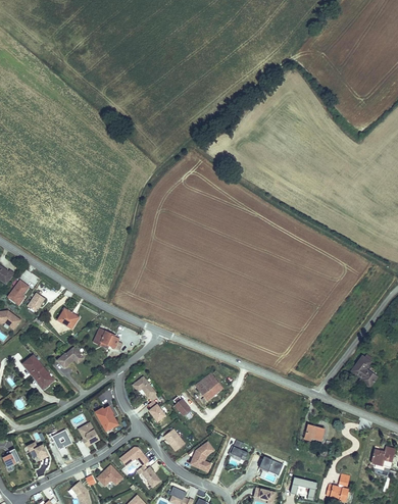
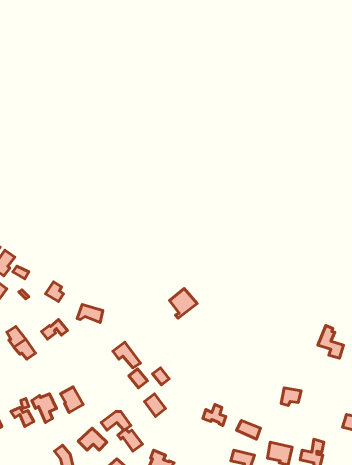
building: [195,373,223,404] -> [169,288,197,318]
building: [94,404,120,431] -> none
building: [189,440,215,471] -> none

